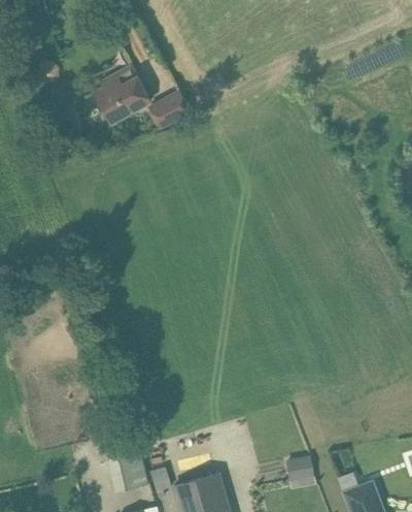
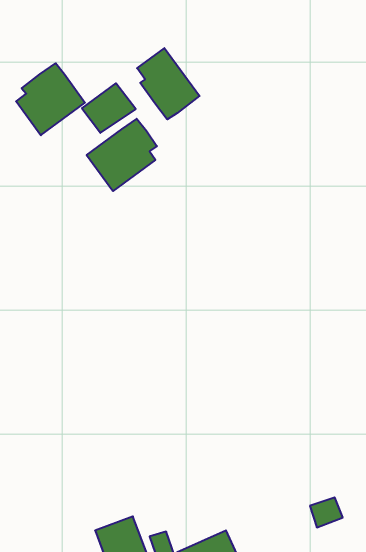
building: none -> [137,48,200,119]
building: none -> [87,119,157,191]

